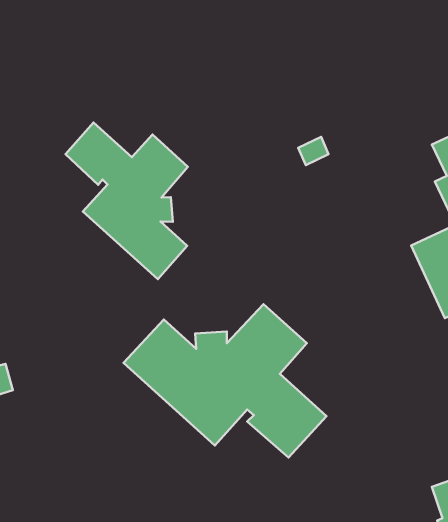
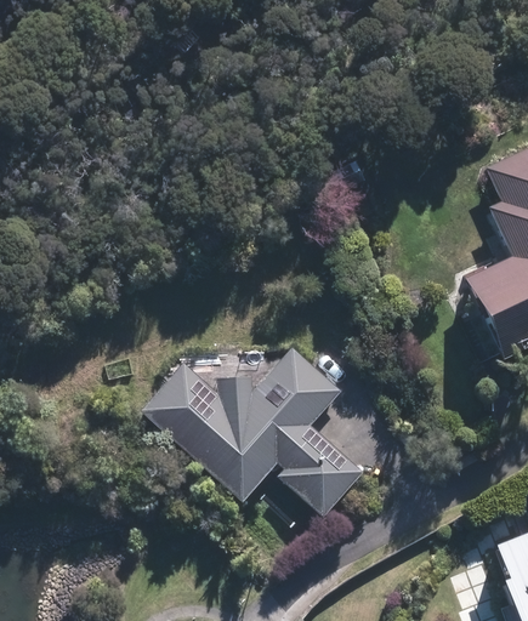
building: [65,123,188,279] -> none

